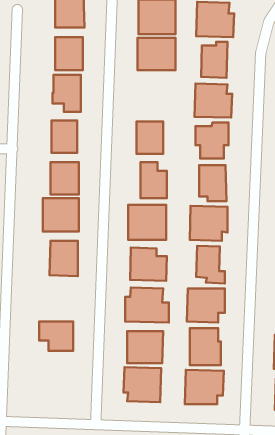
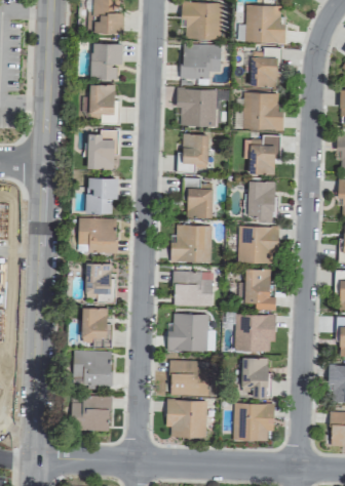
building: none -> [177,89,218,127]
building: none -> [82,308,111,342]
building: none -> [72,396,109,431]

